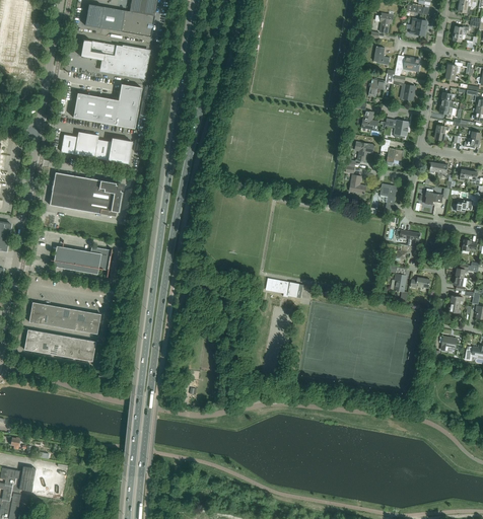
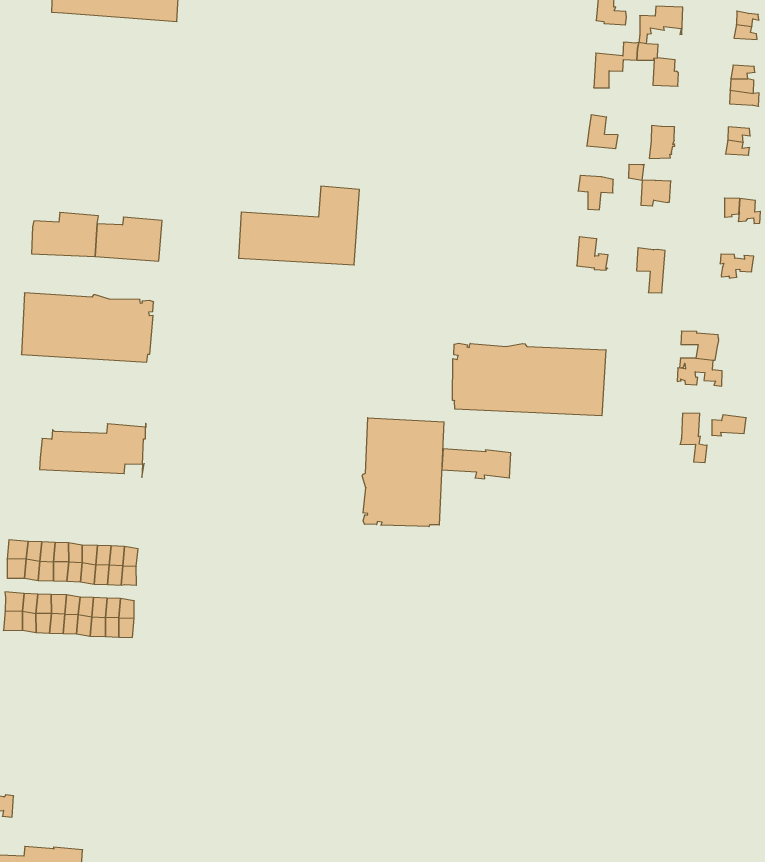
building: [80,40,148,77] -> none
building: [73,84,141,128] -> [239,186,359,265]
building: none -> [452,343,606,416]
building: none -> [362,418,444,527]

